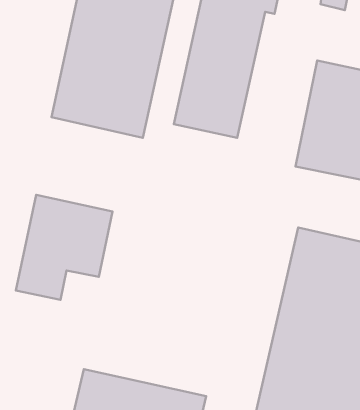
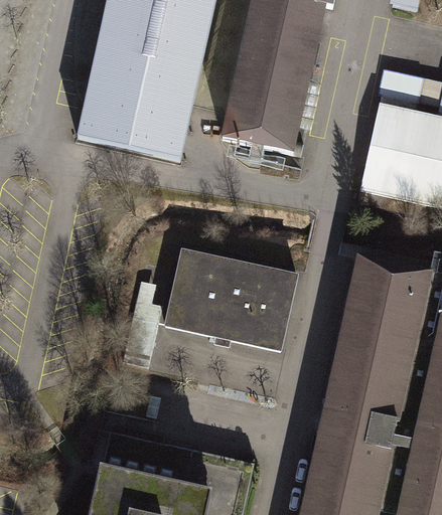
building: [16,195,113,300] -> none
building: none -> [165,250,301,357]

